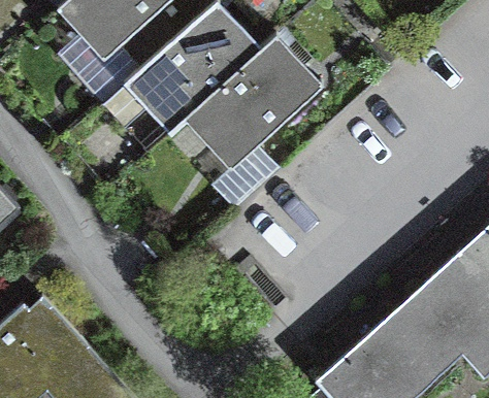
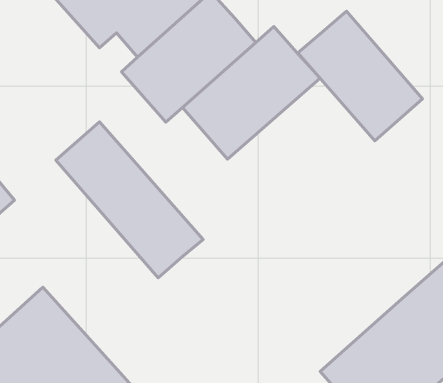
building: none -> [298,11,423,141]
building: none -> [56,122,203,278]

